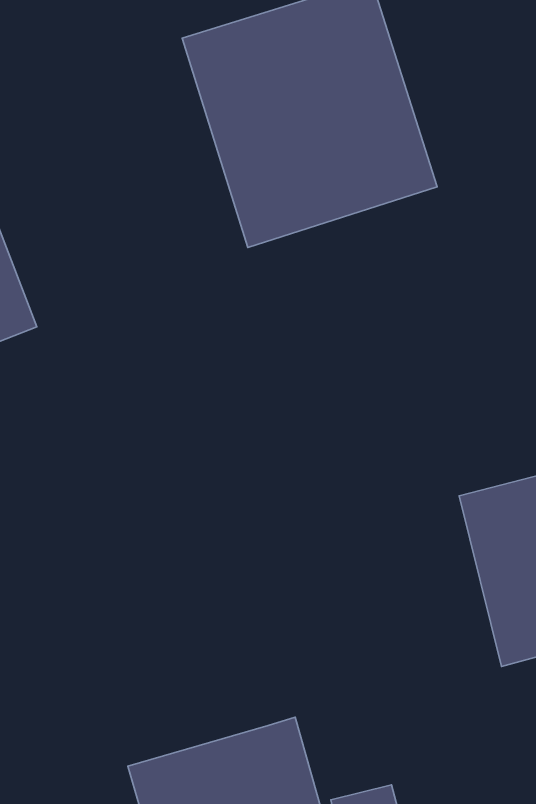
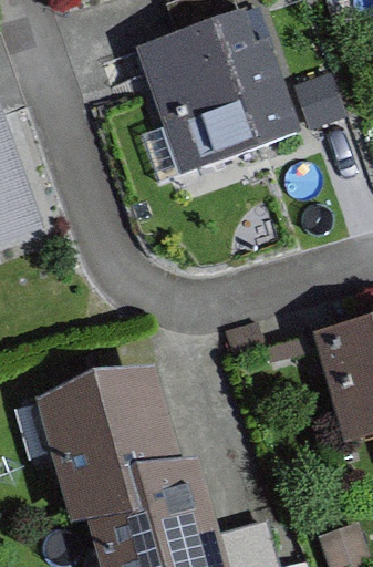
building: none -> [53,381,190,518]

